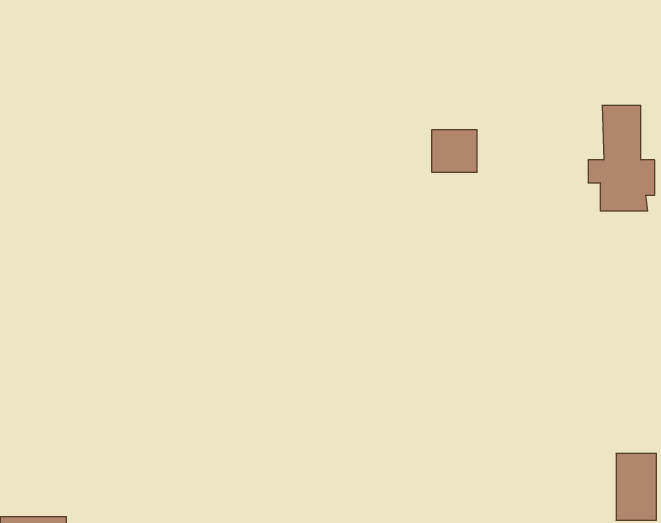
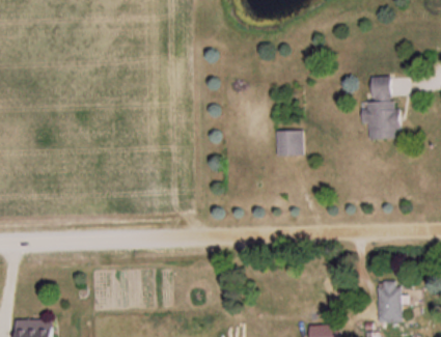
building: [432,130,477,172] -> [273,131,300,156]

